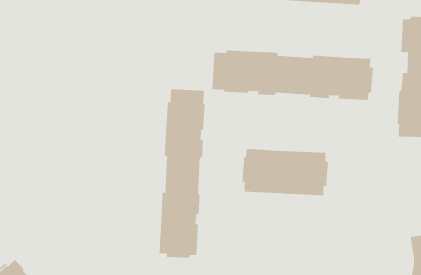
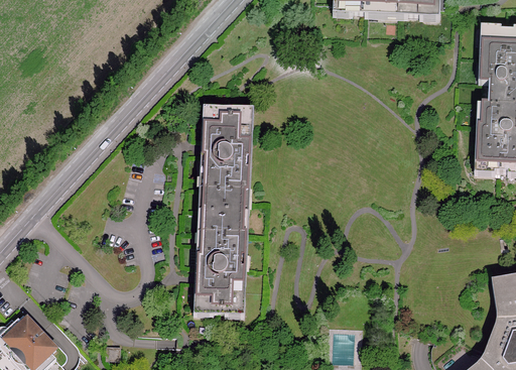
building: [212,50,373,101] -> none
building: [242,148,328,196] -> none

